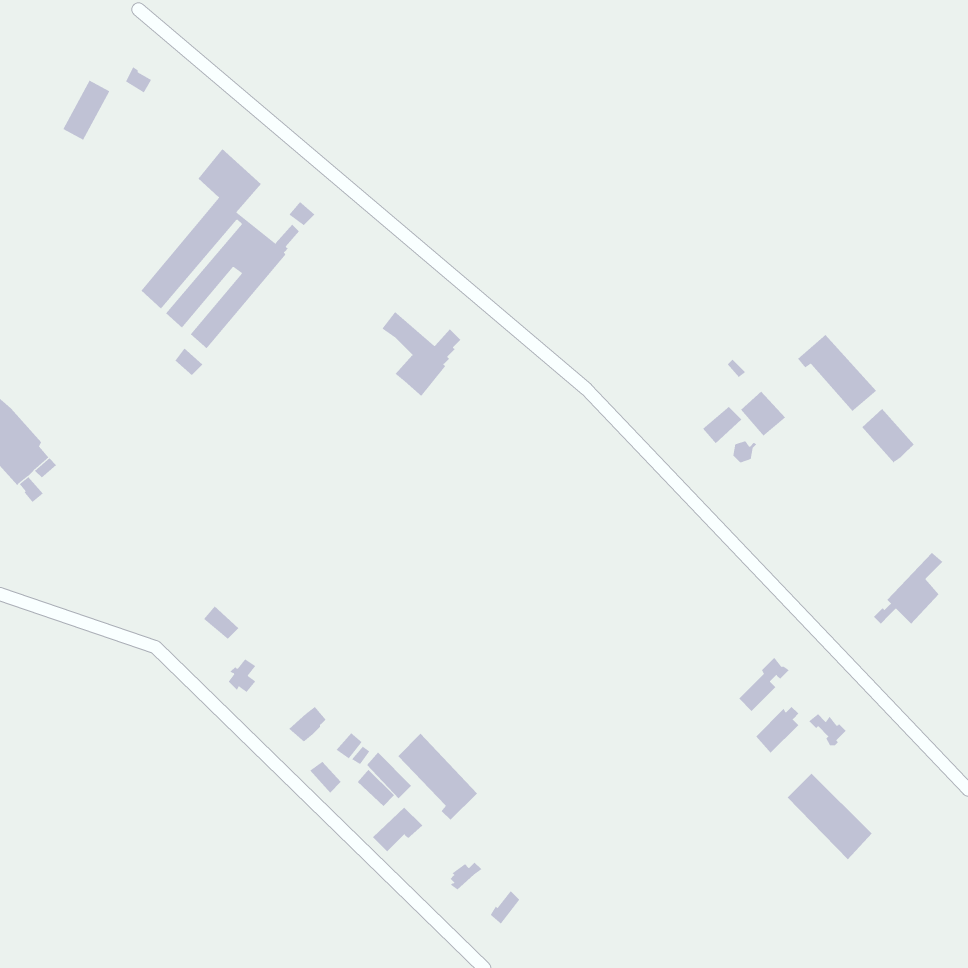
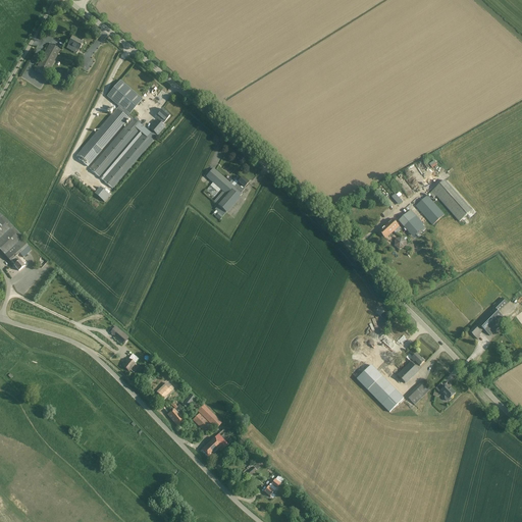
building: [861,408,915,463] -> [415,195,443,224]
building: [397,733,478,820] -> none
building: [787,773,872,860] -> [357,365,403,412]

